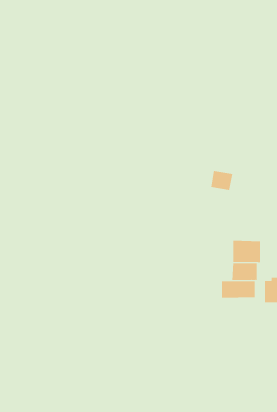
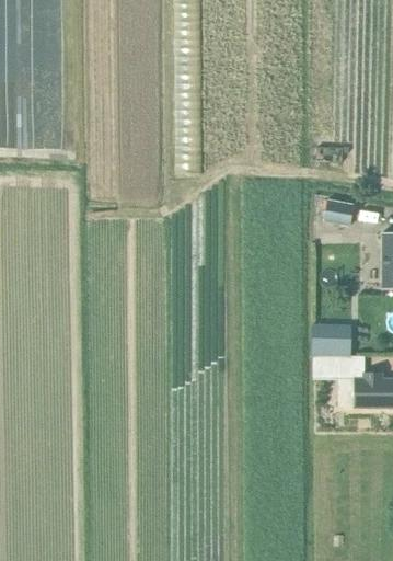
building: [211,170,233,190] -> [325,198,355,225]
building: [221,280,255,298] -> none

